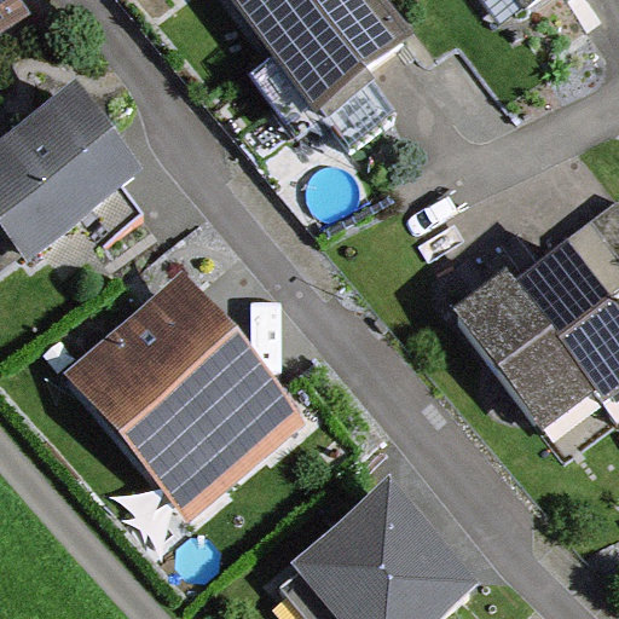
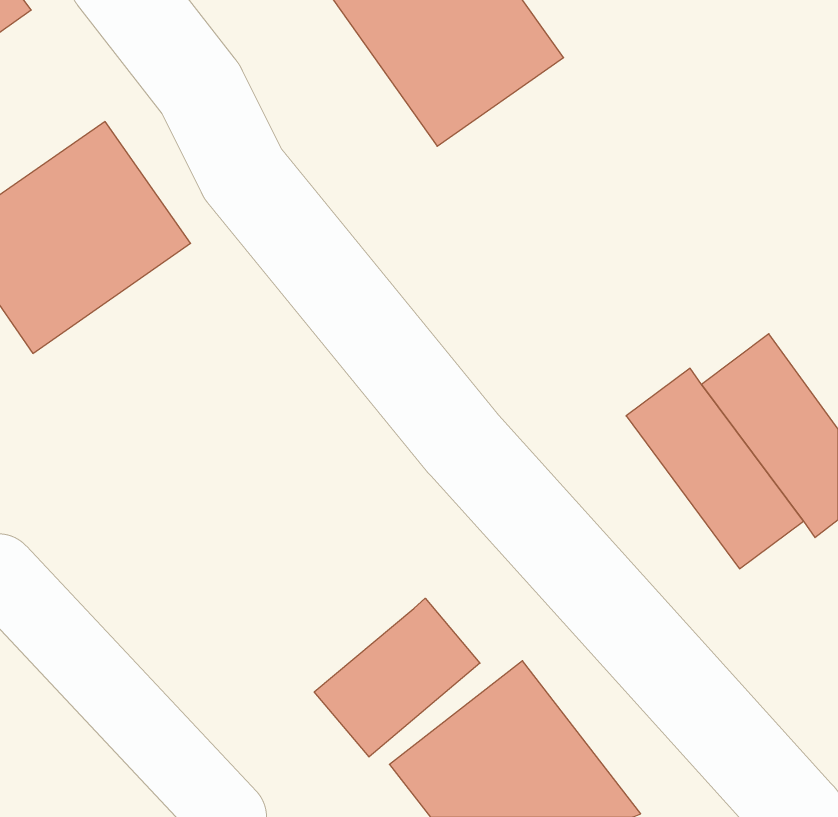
building: [73,279,303,513] -> none
building: none -> [314,598,480,757]

